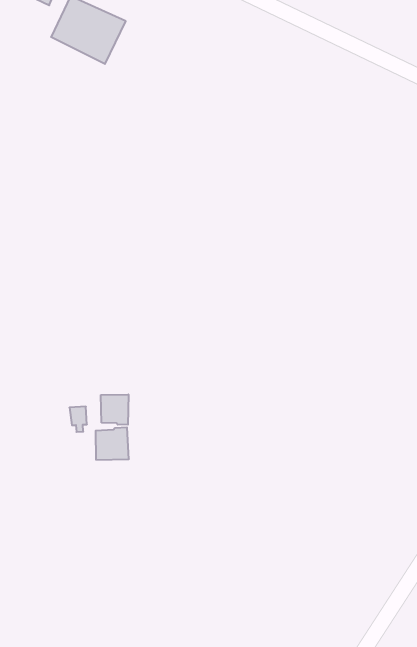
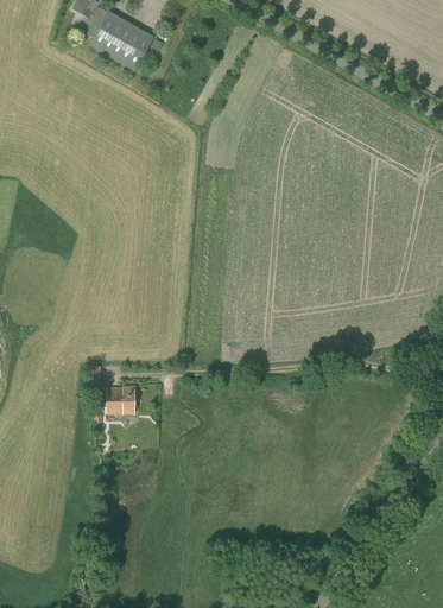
building: [101,394,128,425] -> none

